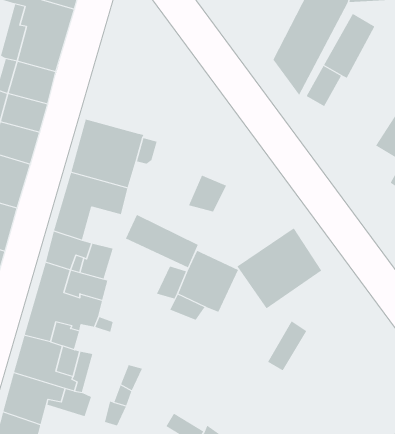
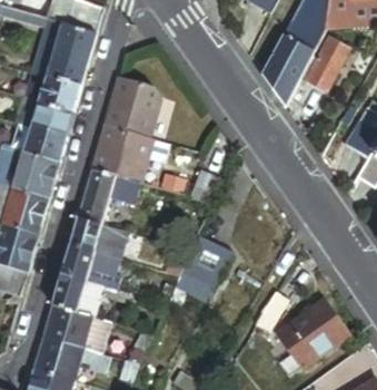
building: none -> [105,76,159,136]
building: [125,214,199,268] -> none
building: [237,228,322,309] -> [276,299,347,367]

